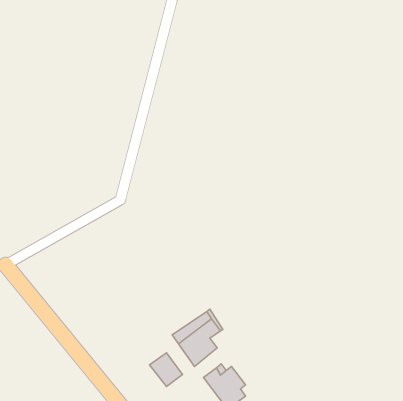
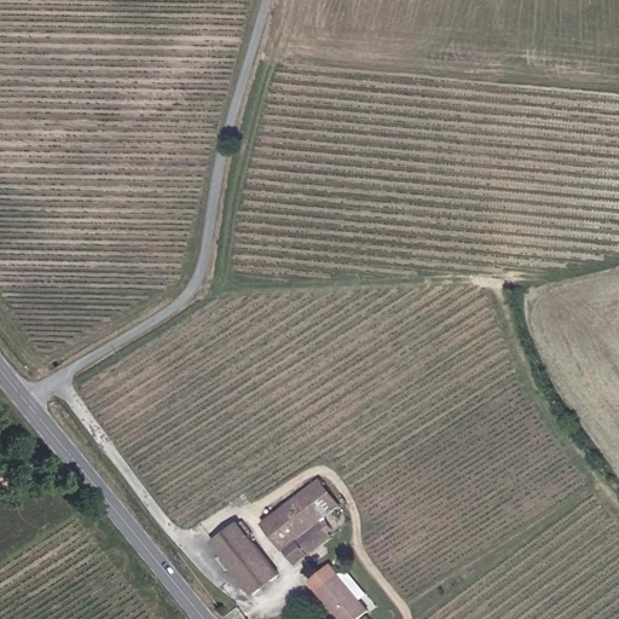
building: none -> [208,521,250,563]

